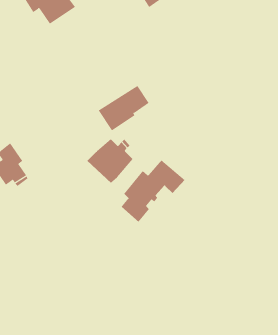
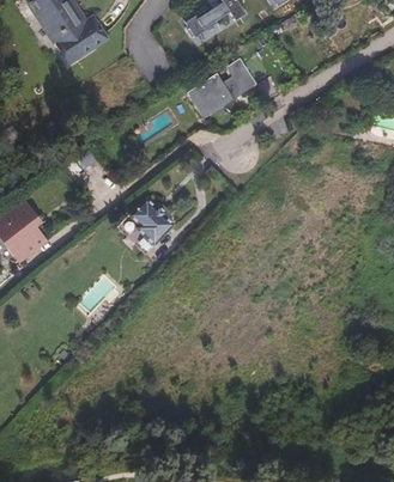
building: [98,85,150,131] -> [189,62,253,118]
building: [121,160,185,222] -> none

